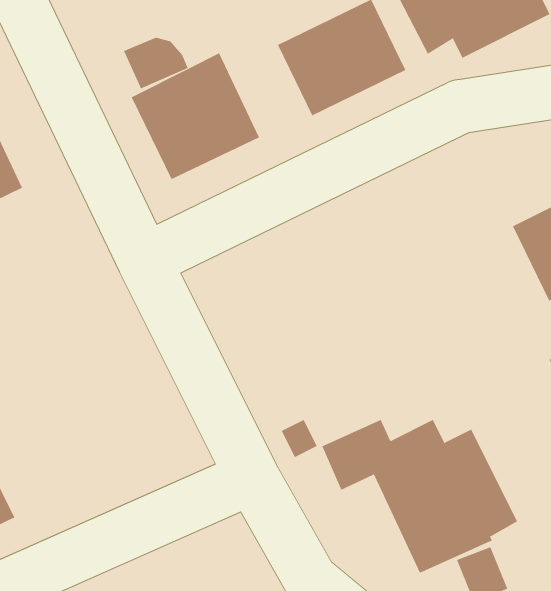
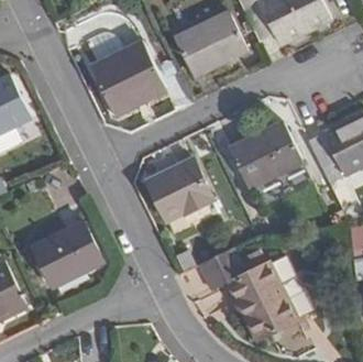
building: none -> [229,121,301,187]
building: none -> [146,158,211,220]
building: none -> [32,221,101,286]

